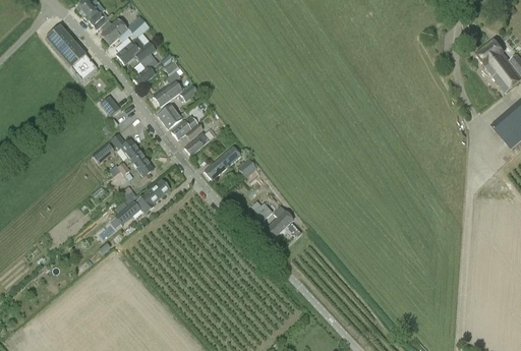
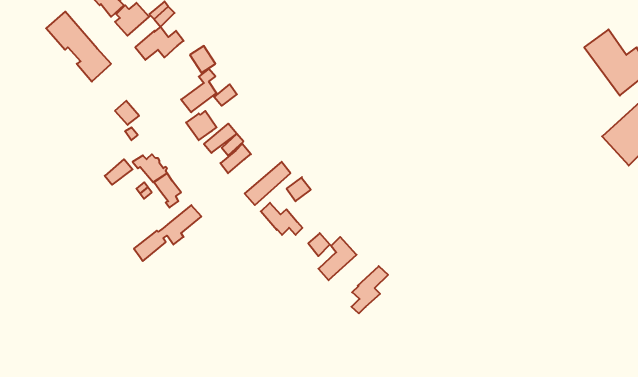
building: [132,52,158,85] -> none
building: none -> [261,203,302,235]
building: none -> [351,266,388,313]

